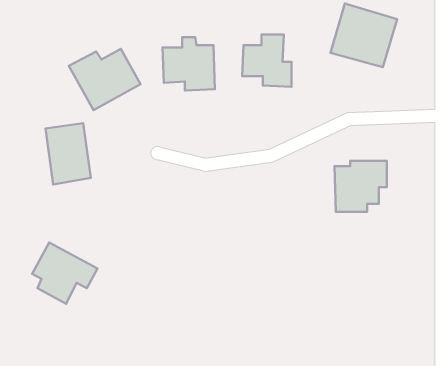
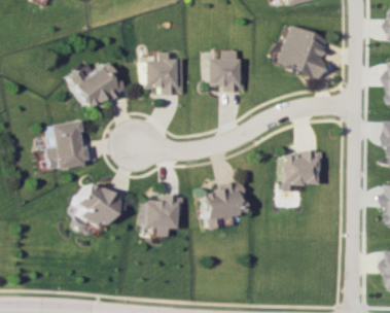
building: none -> [200,180,244,230]
building: none -> [140,196,181,236]
building: [32,242,97,304] -> [74,180,126,229]

